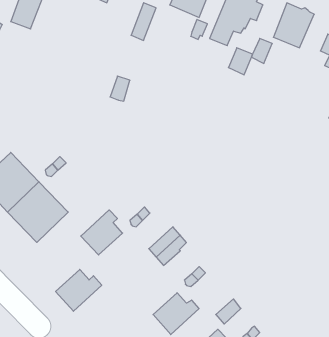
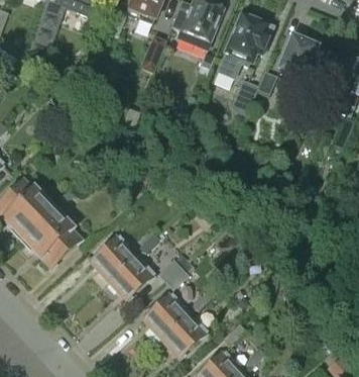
building: [56,269,102,311] -> [110,257,154,297]
building: none -> [145,292,186,336]

